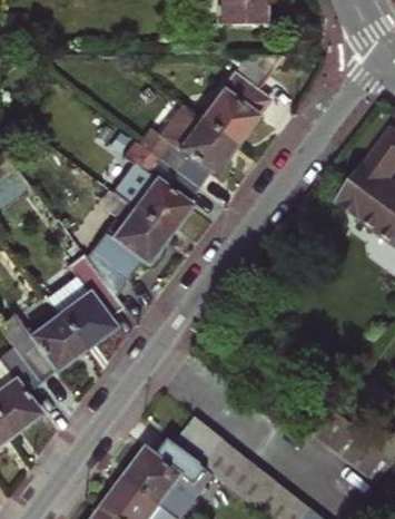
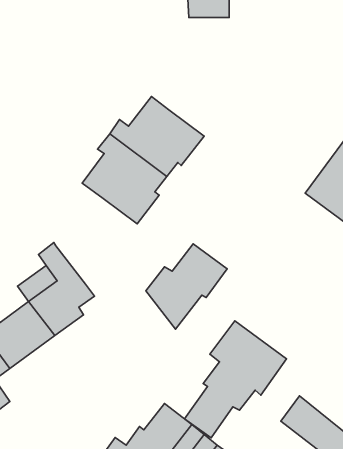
building: [200,57,283,146] -> none
building: [86,209,168,296] -> [146,244,227,329]
building: none -> [185,321,286,438]

